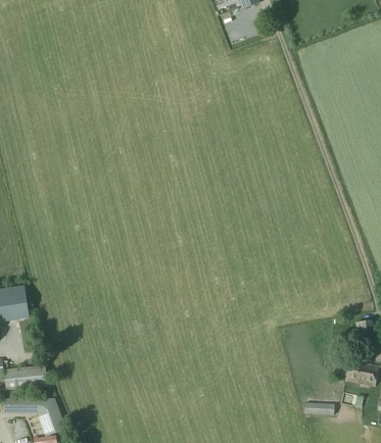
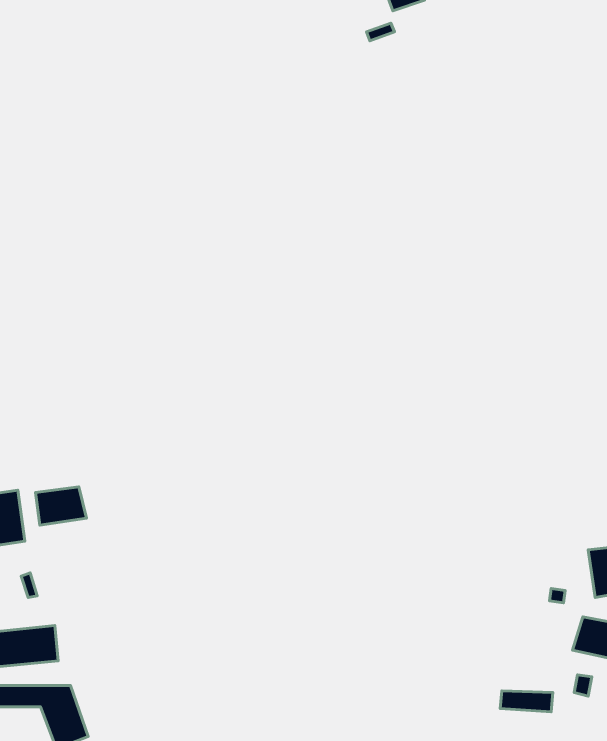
building: none -> [36,487,87,525]

